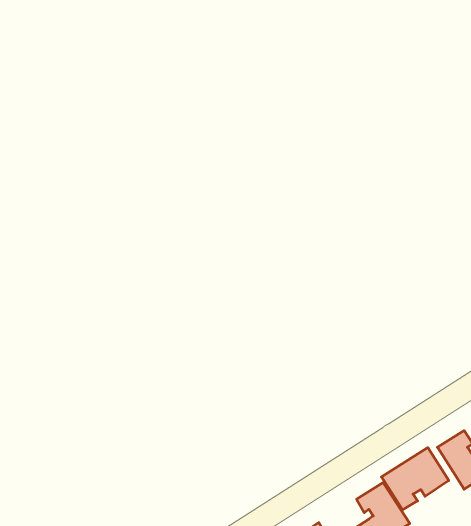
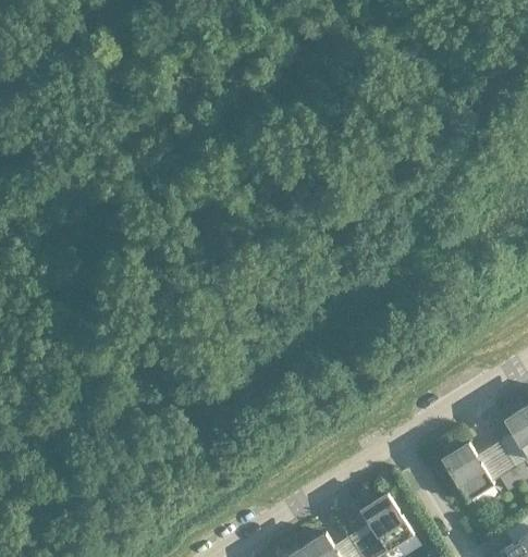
building: [381,448,449,510] -> none

